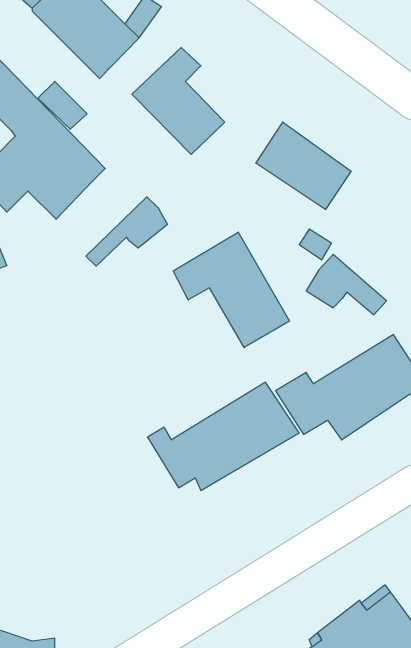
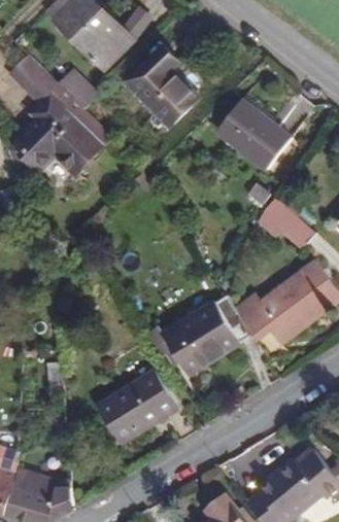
building: [86,197,167,266] -> none
building: [173,232,289,348] -> none
building: none -> [88,372,168,444]

